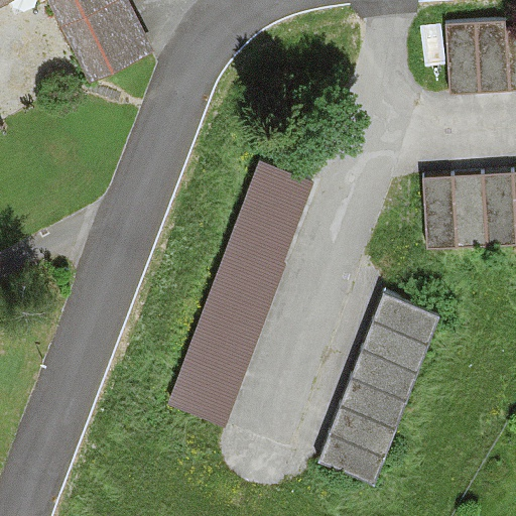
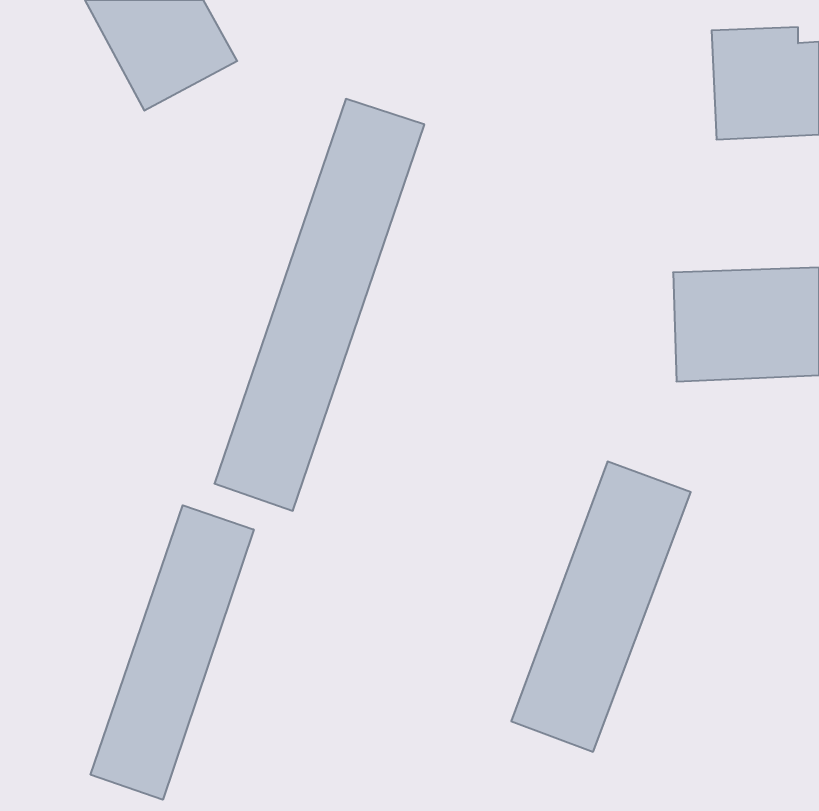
building: [175,164,307,423] -> [214,99,424,511]
building: none -> [91,505,254,800]

